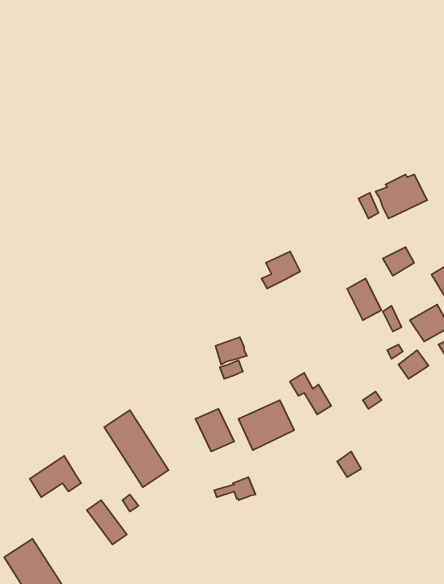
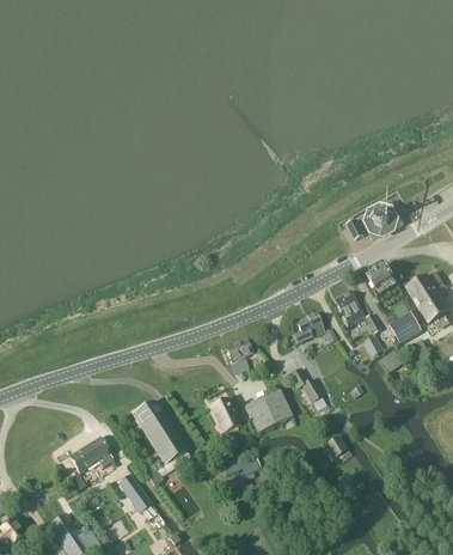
building: [261,251,300,289] -> [292,312,324,343]

